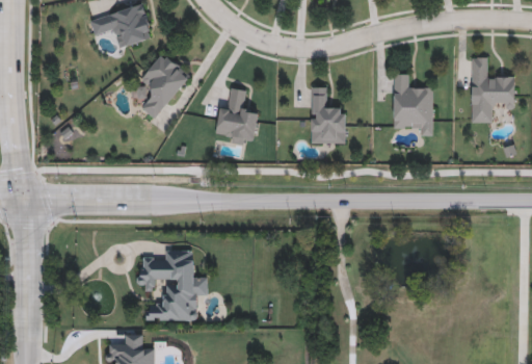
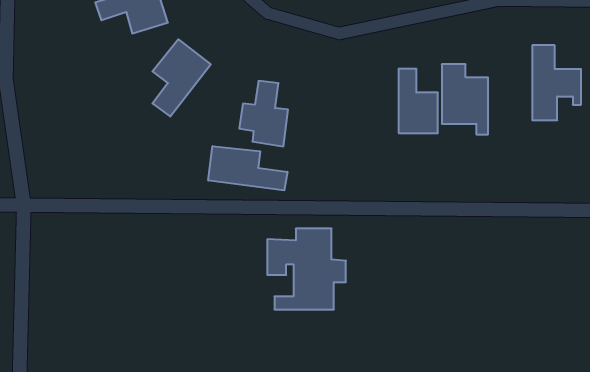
building: [311,87,345,144] -> [399,69,438,133]
building: none -> [208,146,287,190]
building: [138,249,207,319] -> [267,229,346,309]

